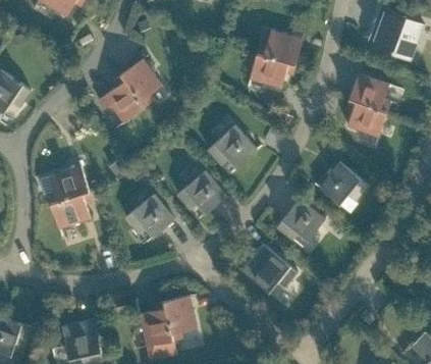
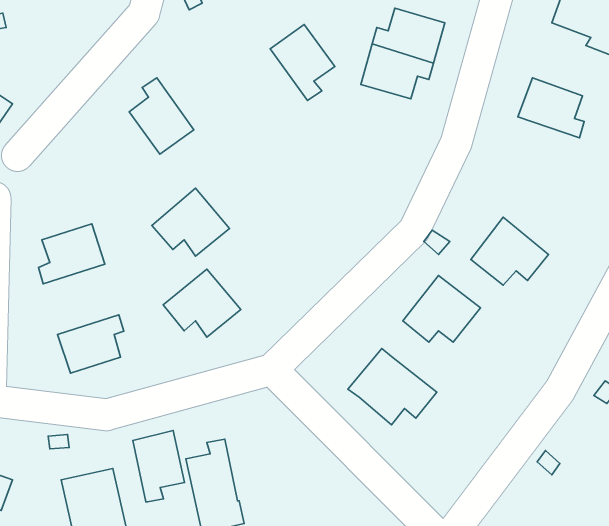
building: [121,59,162,107] -> [270,24,335,101]
building: [345,99,387,138] -> none
building: [208,125,257,168] -> none
building: [177,171,226,214] -> [152,188,230,256]
building: [50,192,92,228] -> [57,315,124,373]
building: [164,296,197,341] -> [133,431,185,502]

